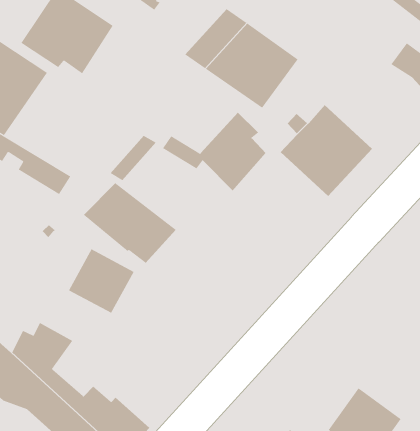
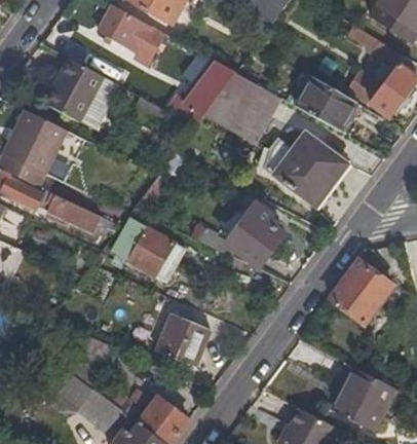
building: none -> [294,78,354,132]
building: [162,112,267,191] -> [194,200,281,267]
building: [68,249,134,314] -> [154,311,207,364]
building: none -> [329,260,390,321]

